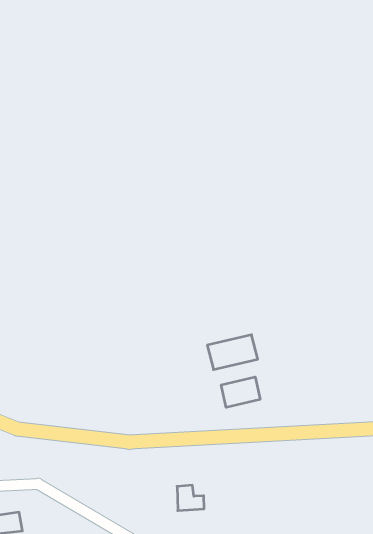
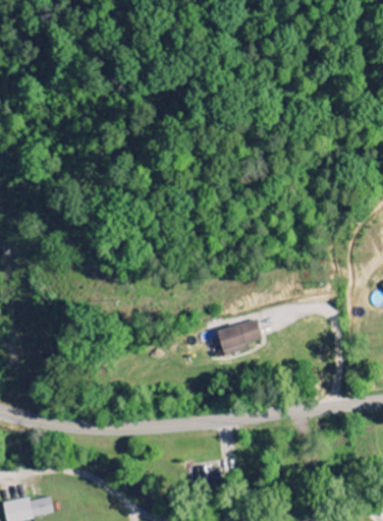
building: [221,377,260,407] -> none

